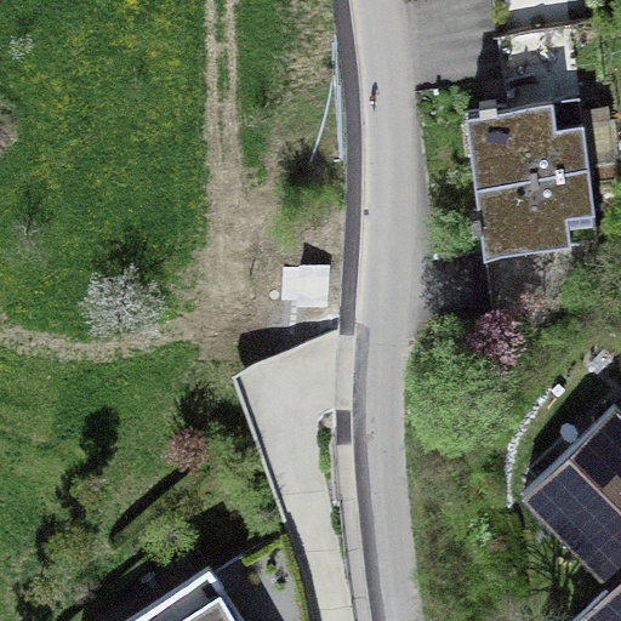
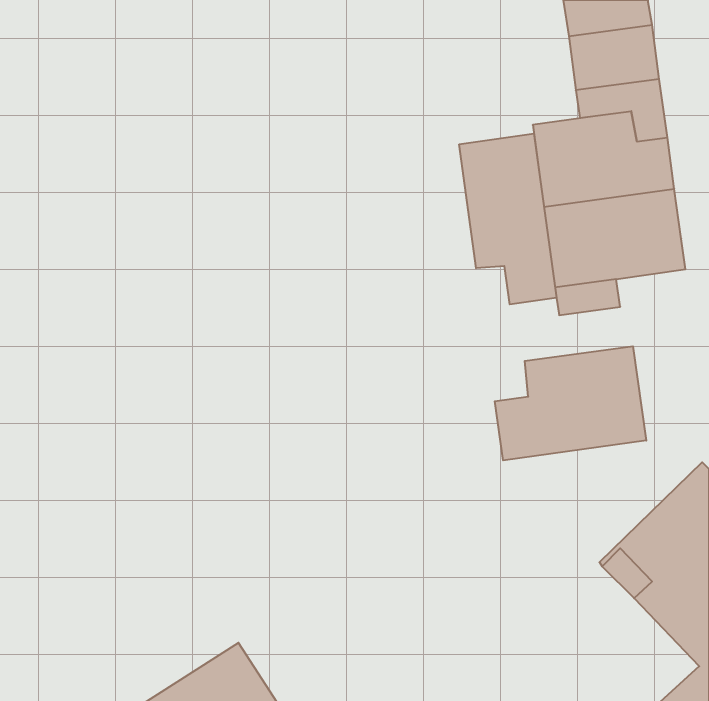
building: none -> [459,134,556,304]
building: none -> [495,346,646,460]

